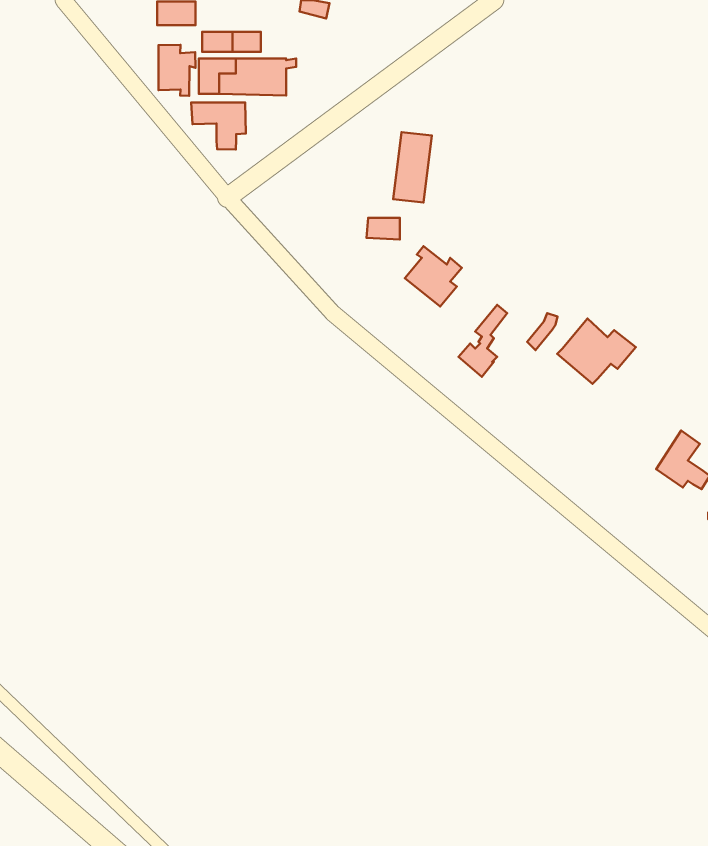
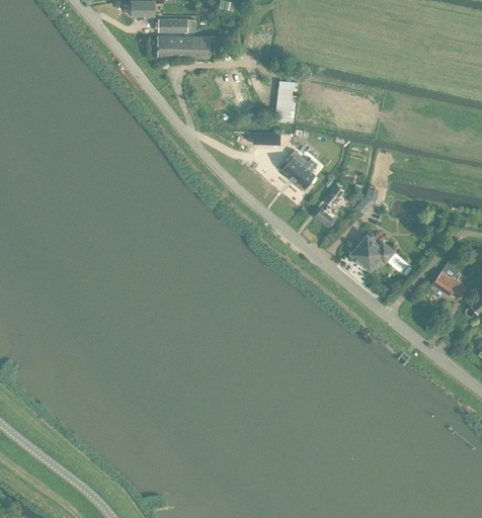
building: [159,45,195,96] -> none
building: [191,102,246,149] -> none
building: [557,319,636,384] -> [347,232,395,271]

